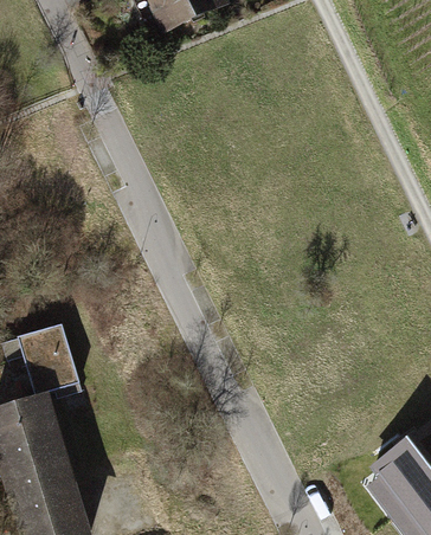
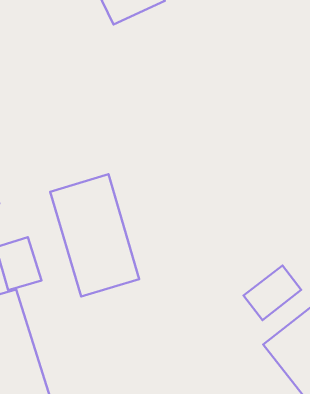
building: none -> [50,174,139,296]
building: none -> [243,265,301,320]

